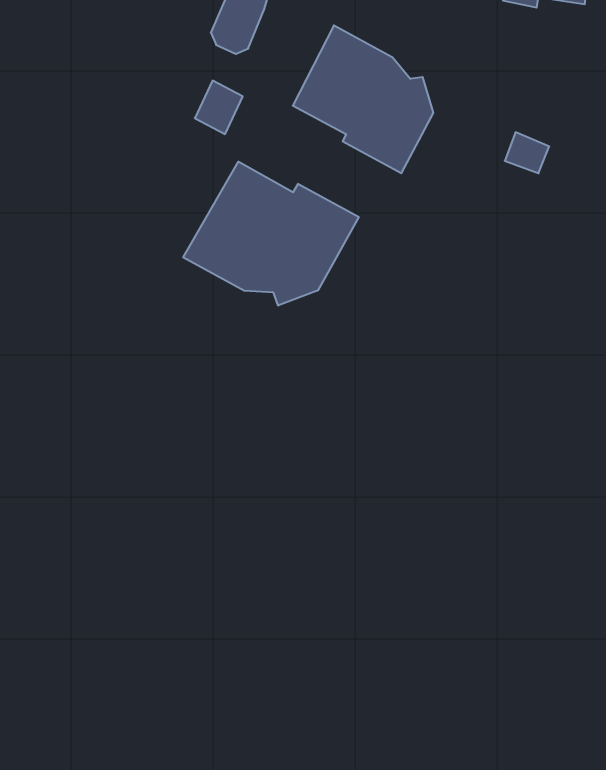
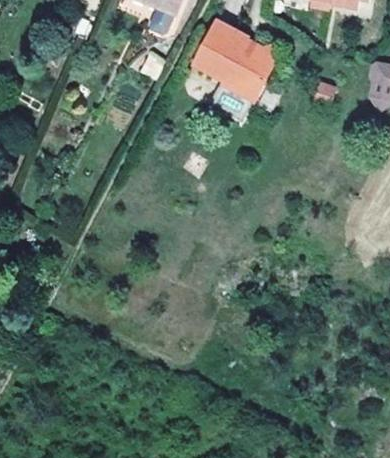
building: [183,162,359,306] -> none

